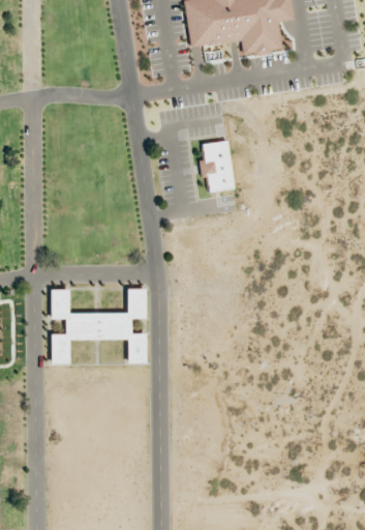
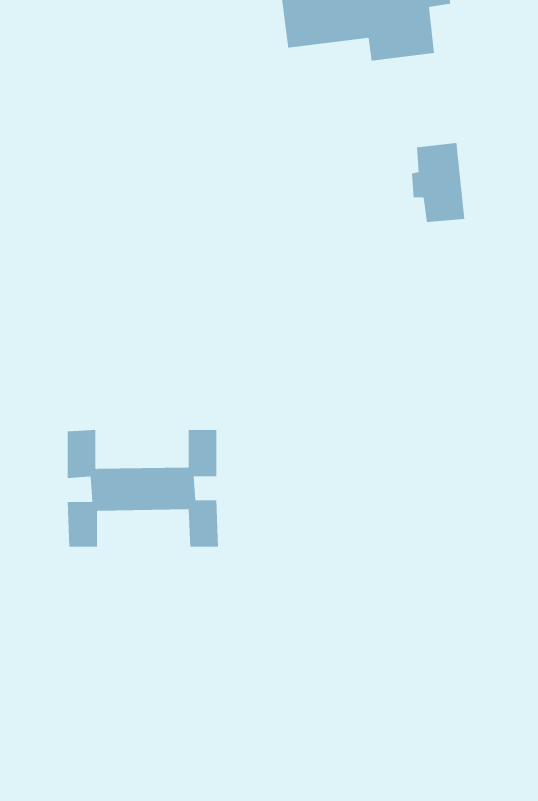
building: [200,140,234,190] -> [411,142,465,223]

